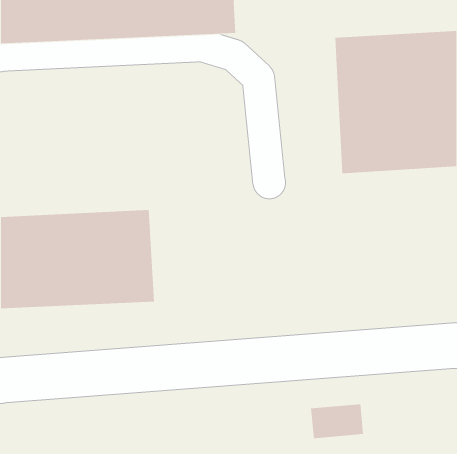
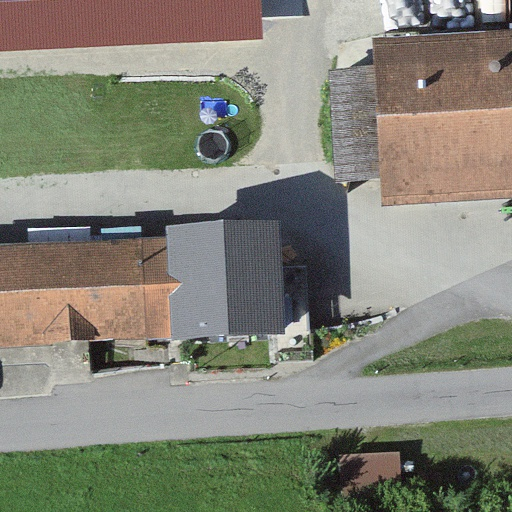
building: none -> [330,65,381,180]
building: none -> [167,218,286,337]

